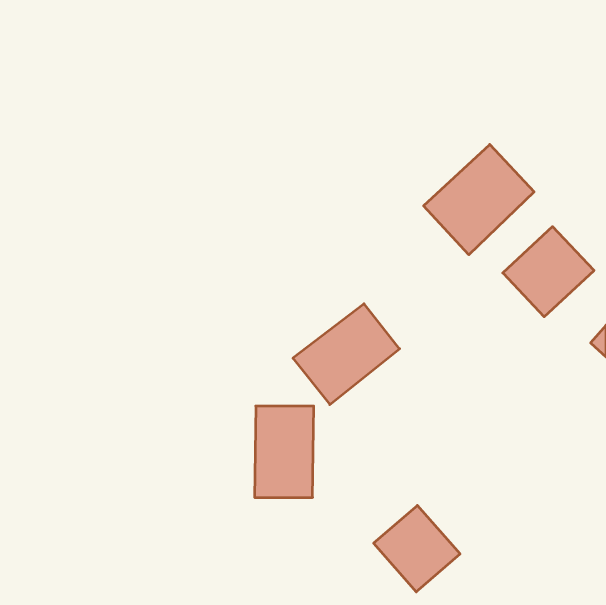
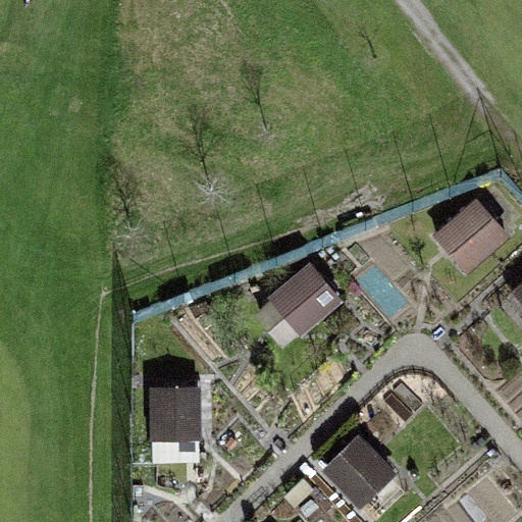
building: [424,144,534,255] -> none
building: [255,406,314,497] -> [150,384,201,463]

